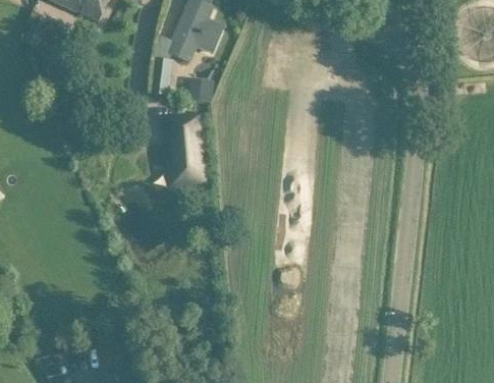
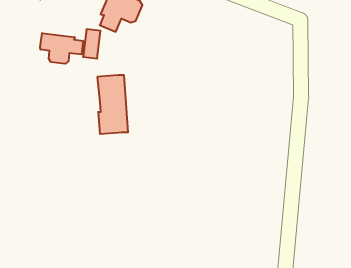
building: none -> [40,33,83,64]

